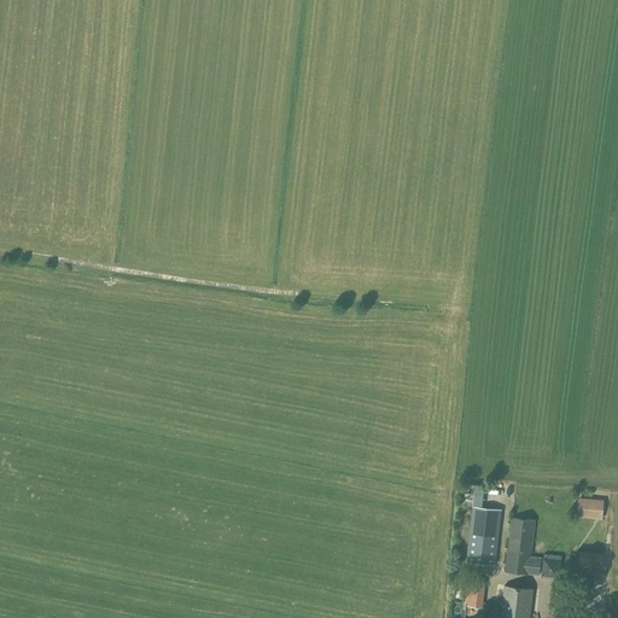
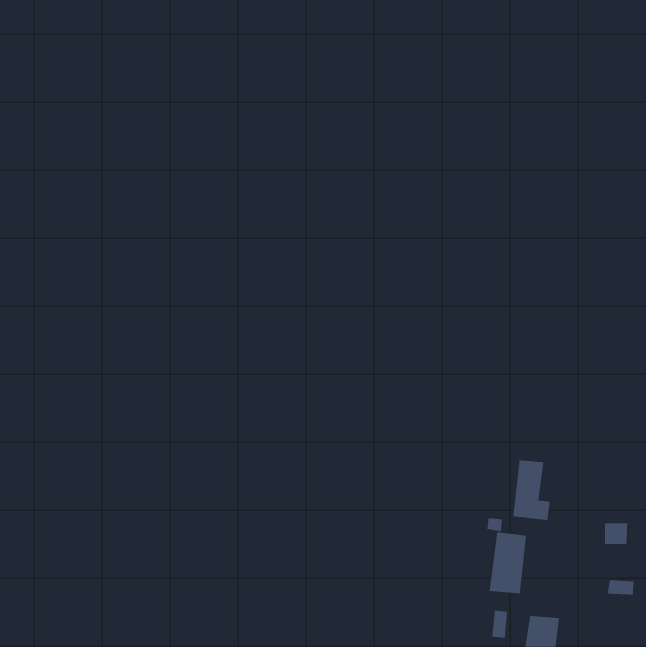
building: [507,518,543,576] -> [513,460,551,520]

